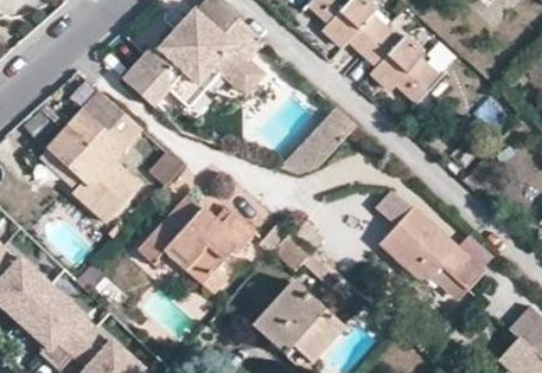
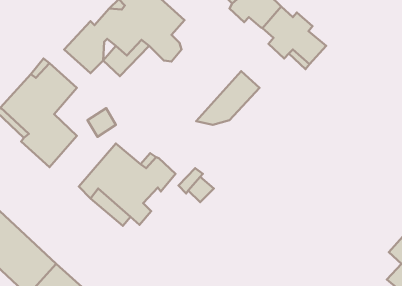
building: [381,206,470,281] -> none
building: [251,279,342,360] -> none

